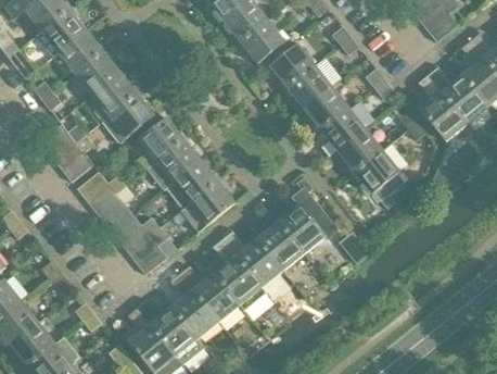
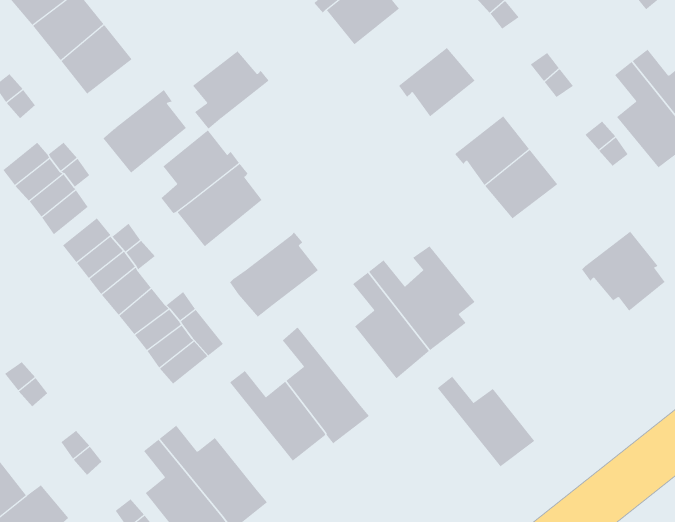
building: [270,43,315,89] -> none
building: [92,73,140,122] -> [192,51,270,130]
building: [304,86,349,132] -> none
building: [353,150,405,200] -> [581,231,666,312]
building: [166,160,218,209] -> none
building: [222,230,283,287] -> [437,376,535,467]
building: [170,273,219,339] -> none

